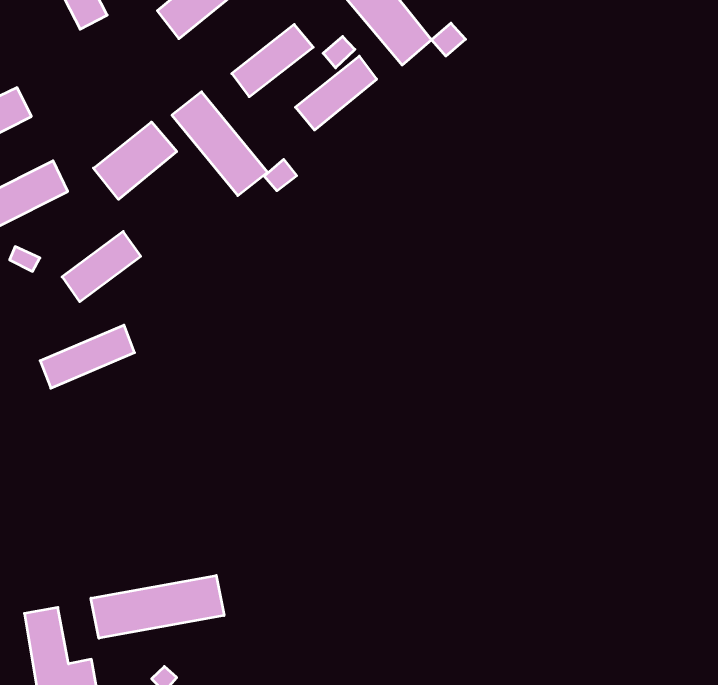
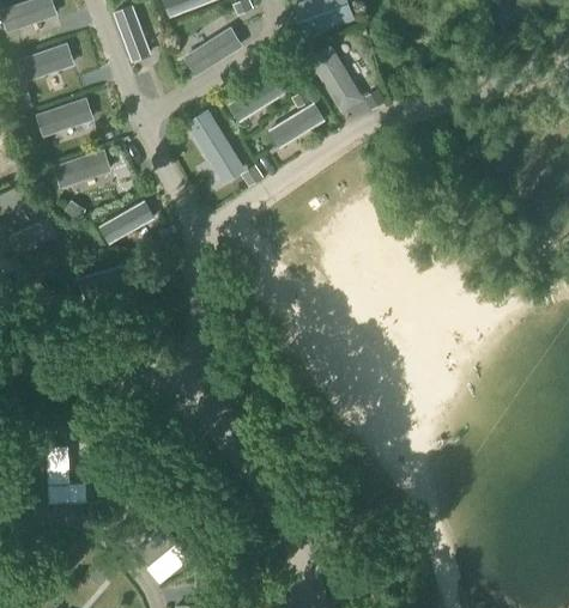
building: [93,122,177,199] -> none
building: [91,575,224,638] -> none

